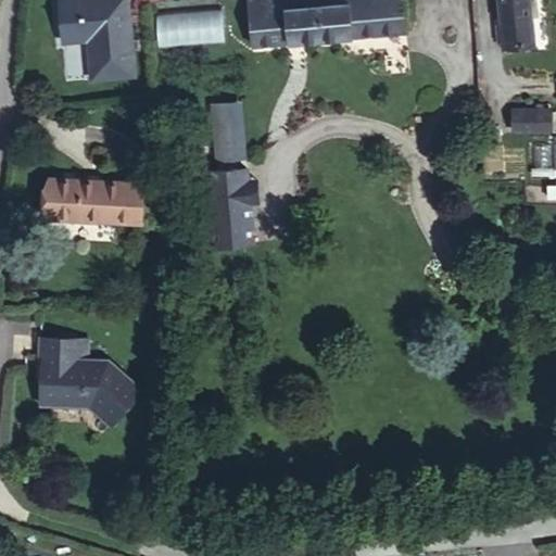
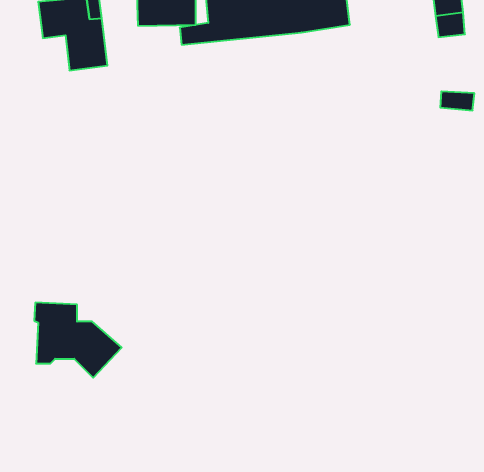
building: [214,108,247,164] -> none
building: [55,170,149,214] -> none
building: [207,172,254,251] -> none

